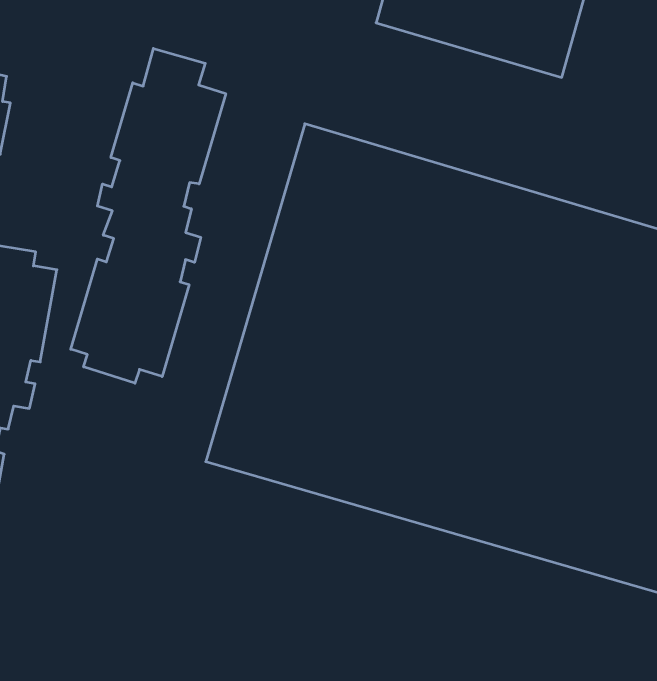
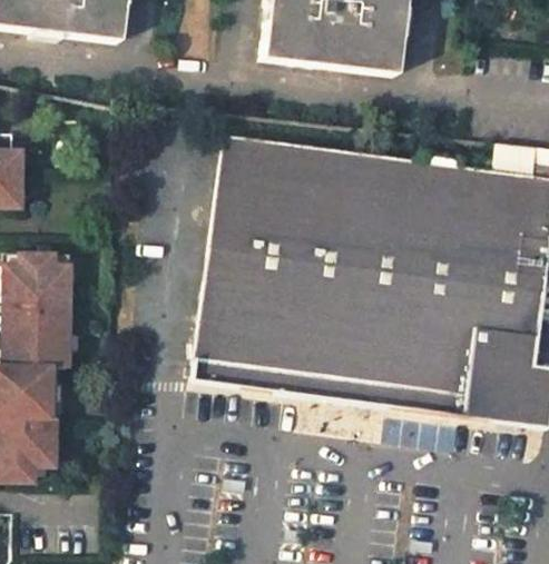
building: [71,48,226,383] -> none

